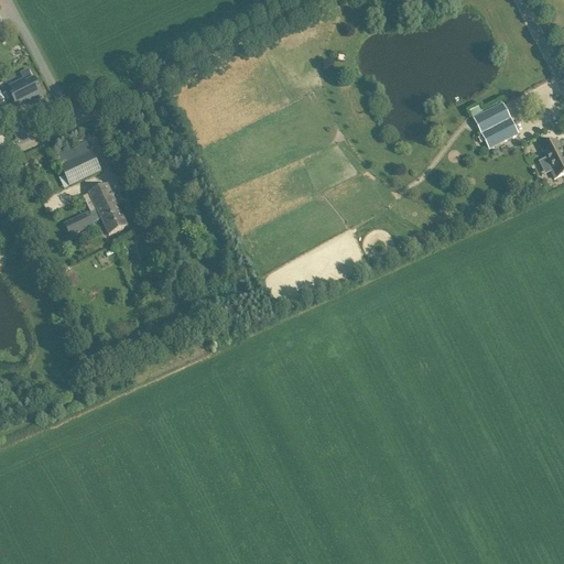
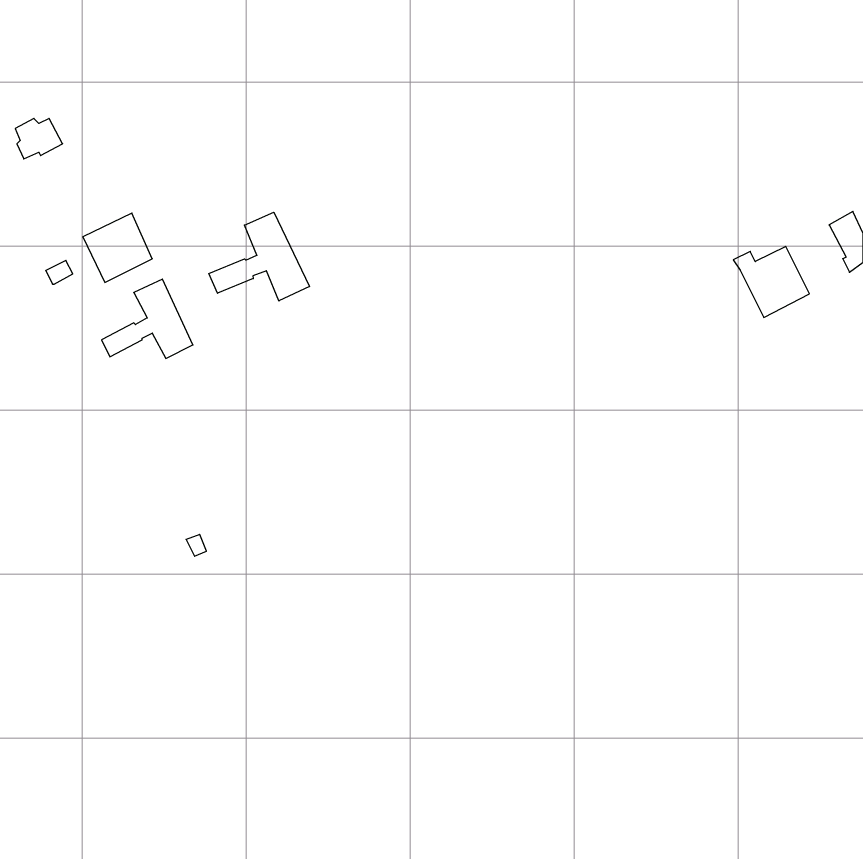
building: [468,101,518,148] -> [733,246,809,317]
building: none -> [209,212,309,301]

